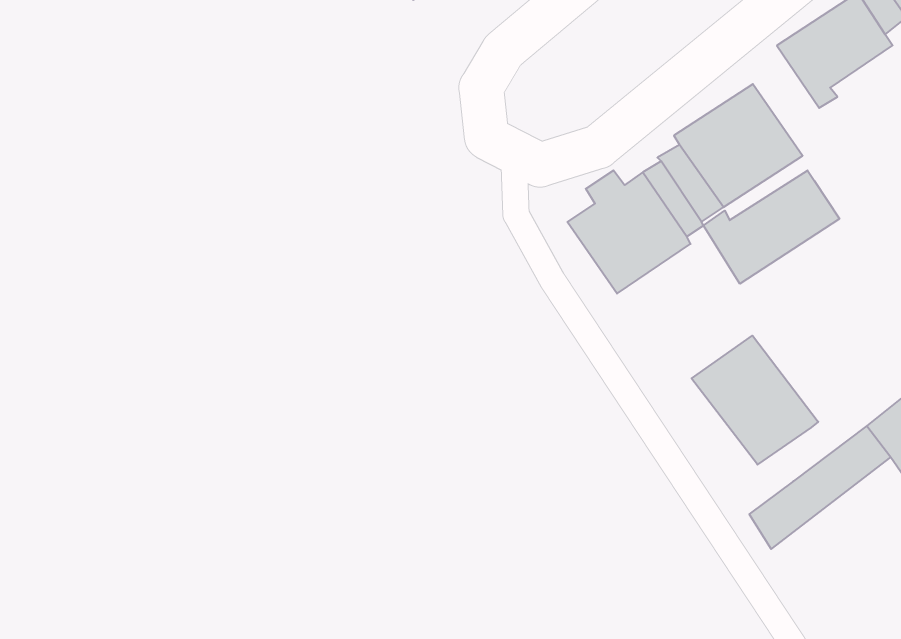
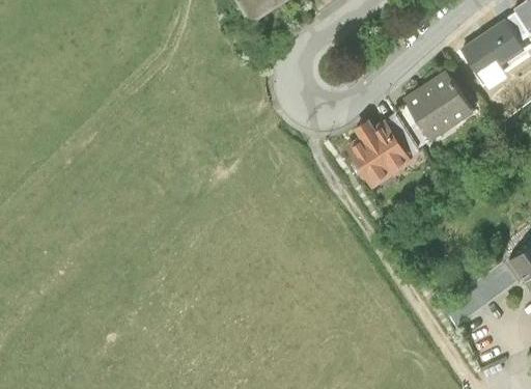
building: [703,170,839,284] -> none
building: [692,336,818,465] -> none

